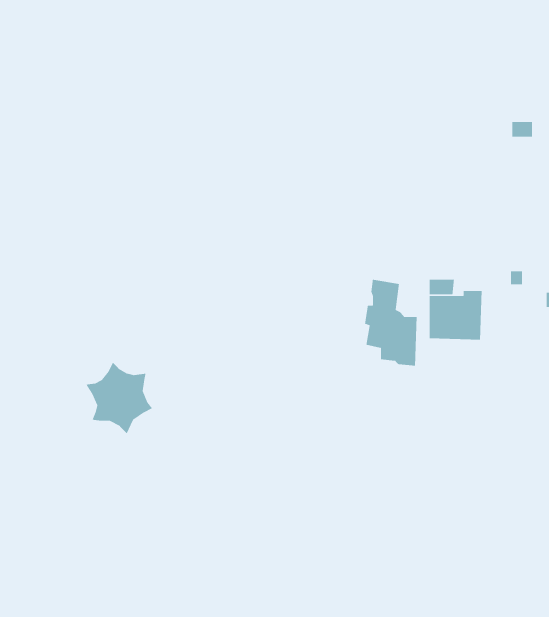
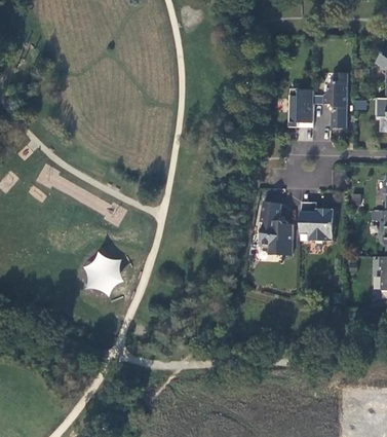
building: none -> [323,72,346,128]
building: none -> [289,89,313,122]

